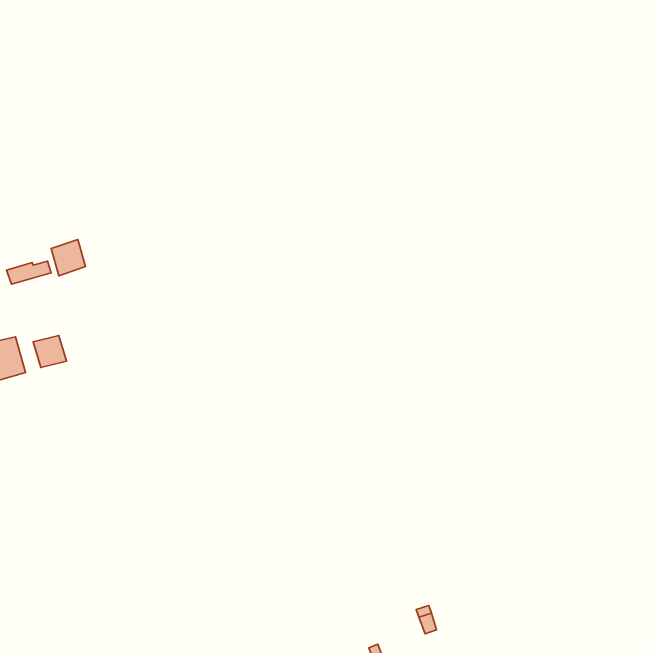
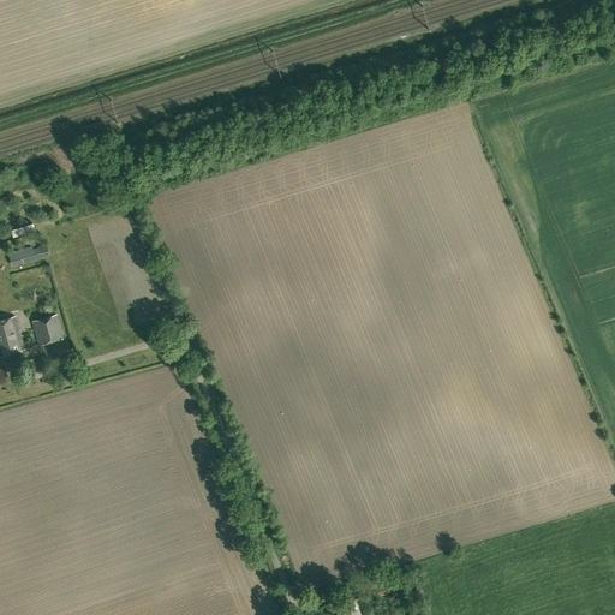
building: [51,239,86,276] -> none

